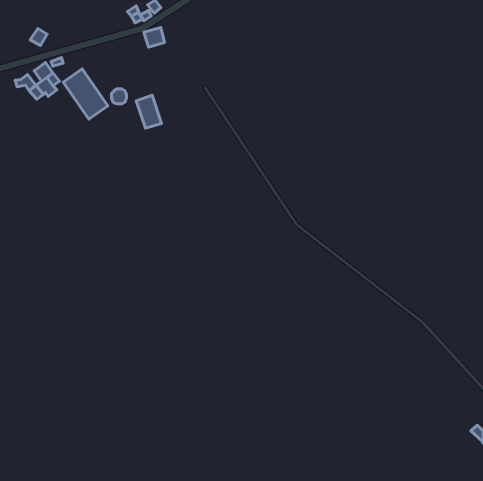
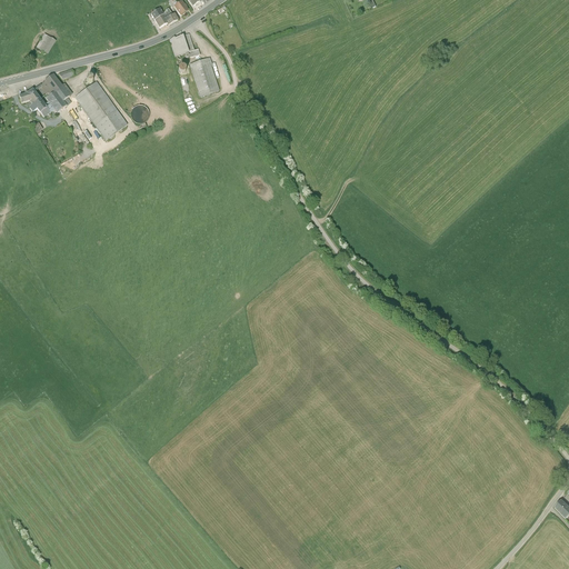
building: [136,95,162,128] -> [190,57,220,96]

